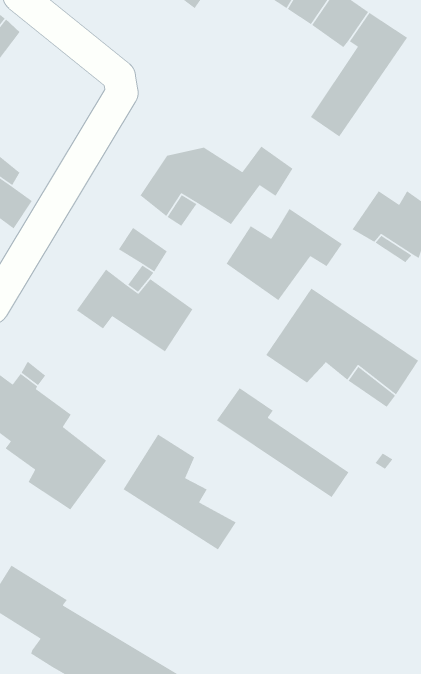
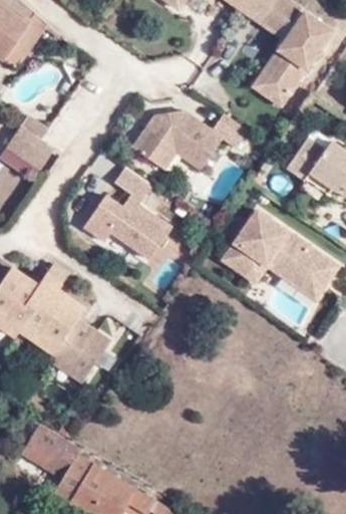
building: [225,208,343,301] -> none
building: [216,387,349,498] -> none
building: [123,434,237,551] -> none

